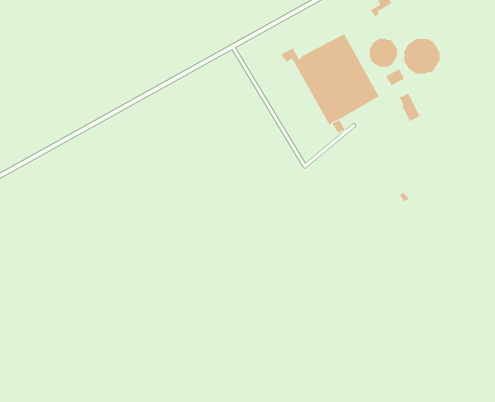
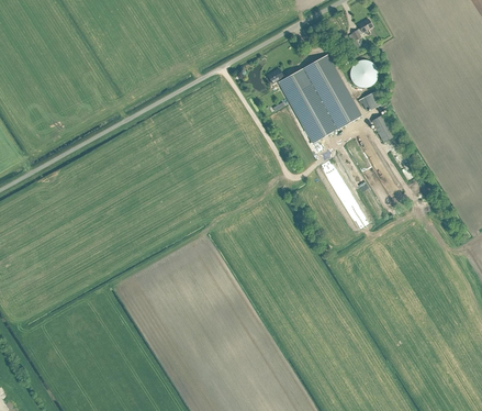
building: [404,38,440,75] -> none

